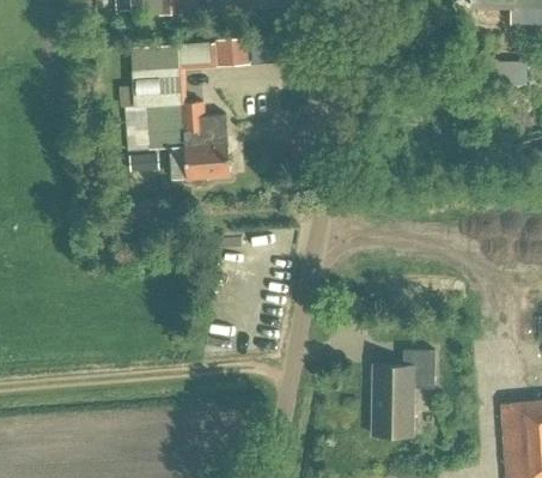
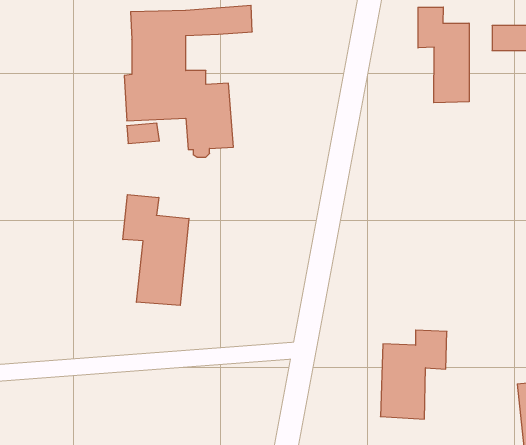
building: none -> [418,7,469,103]
building: none -> [123,195,189,305]

